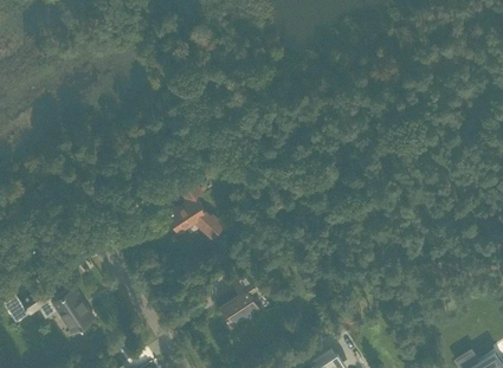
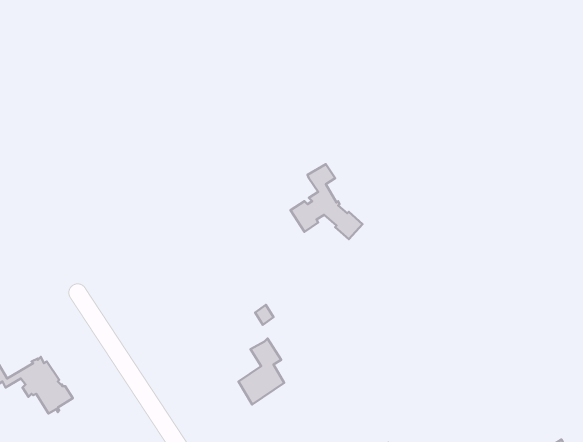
building: [167,182,223,240] -> [291,164,363,239]

